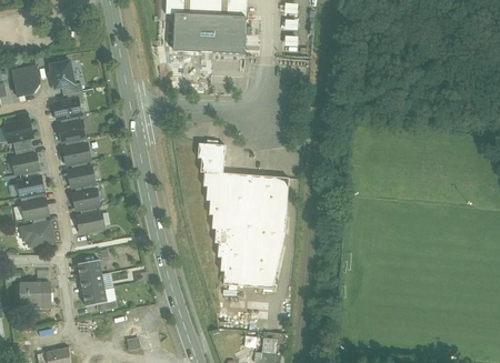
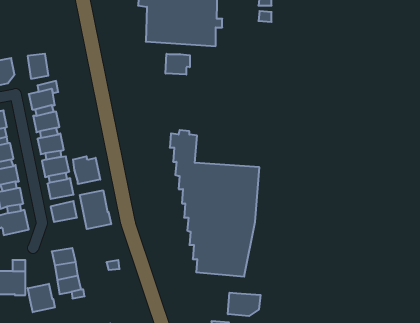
building: none -> [166,54,190,75]
building: none -> [73,156,100,184]
building: none -> [80,190,111,229]
building: none -> [28,284,55,312]
building: none -> [228,293,261,316]

